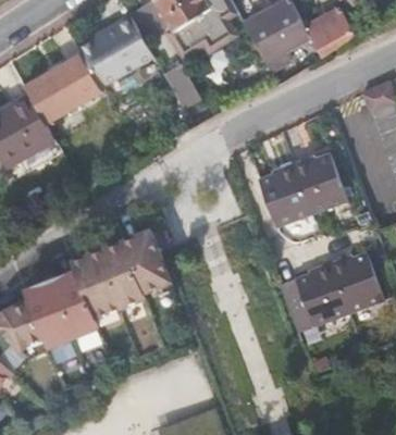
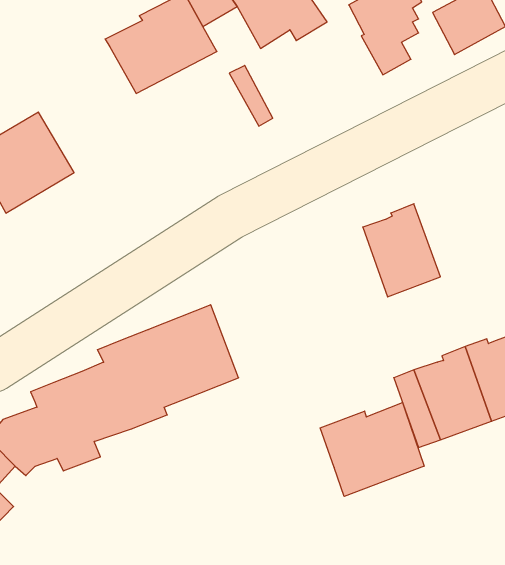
building: [22,50,100,122] -> none
building: [292,150,345,211] -> none
building: none -> [320,402,424,496]

